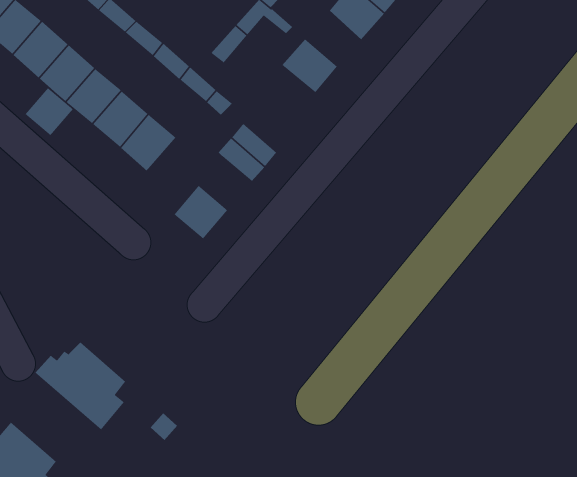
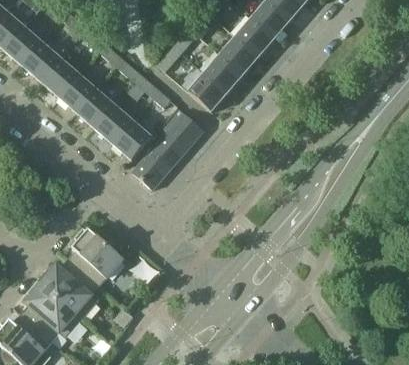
building: none -> [221,35,259,73]
building: none -> [189,72,228,110]
building: [25,87,74,136] -> none
building: none -> [114,121,152,160]
building: none -> [149,134,185,170]
building: none -> [69,227,124,286]
building: none -> [22,280,83,340]

